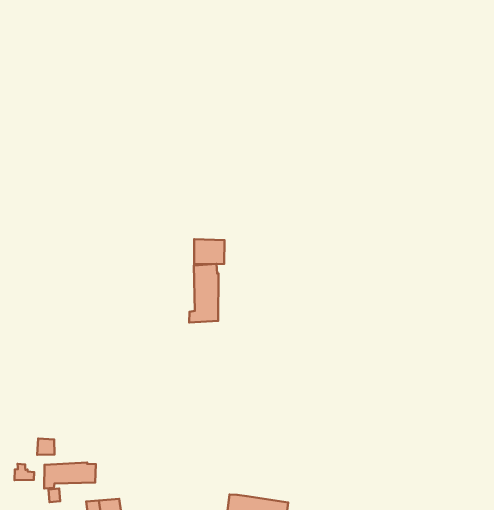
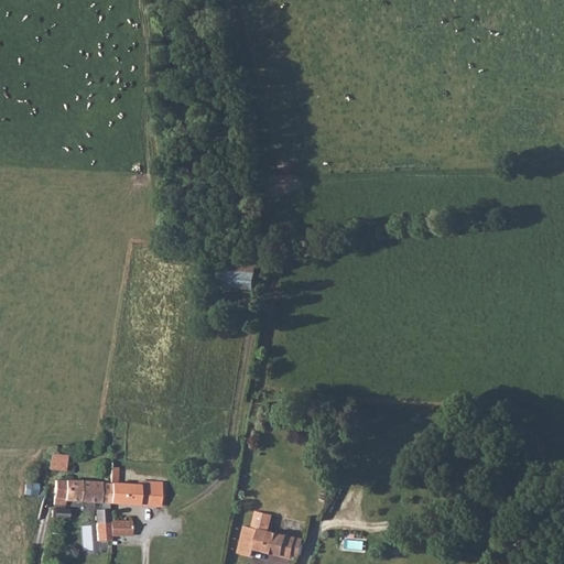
building: [189,264,219,322] -> none
building: none -> [107,484,149,506]

